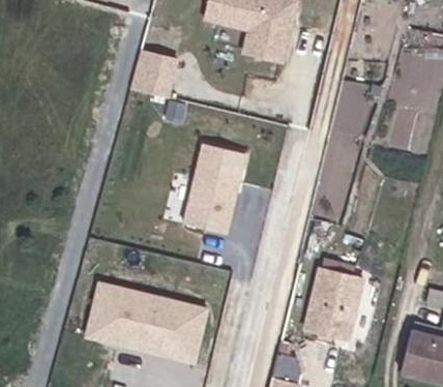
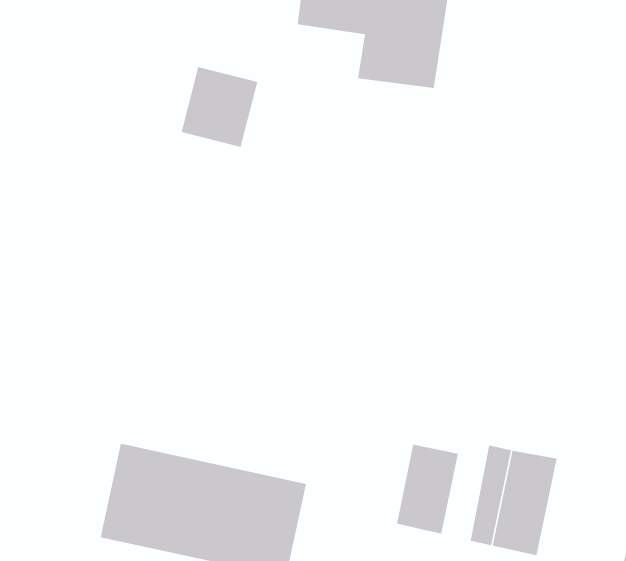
building: [180,140,249,233] -> none
building: none -> [396,444,459,534]

